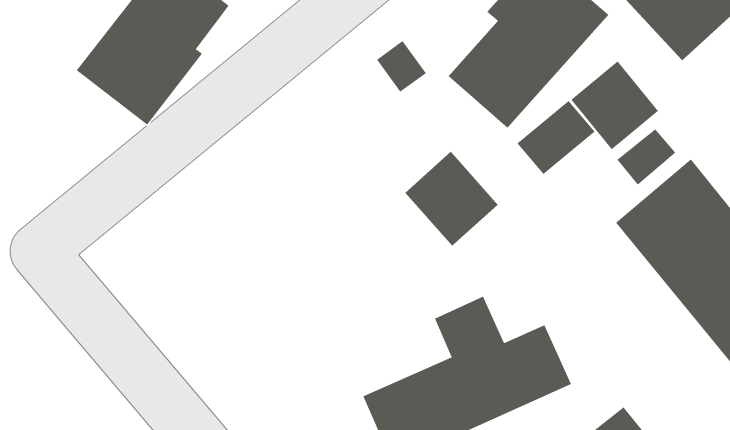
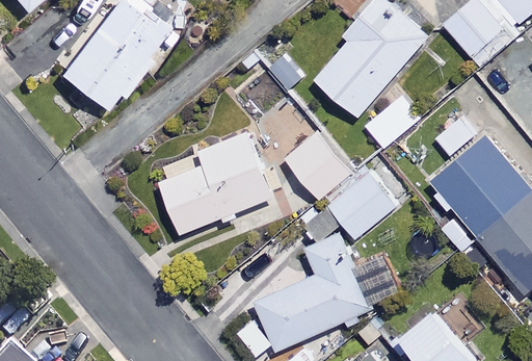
building: [571,60,659,150] -> none
building: none -> [156,131,275,234]
building: none -> [328,173,395,237]

